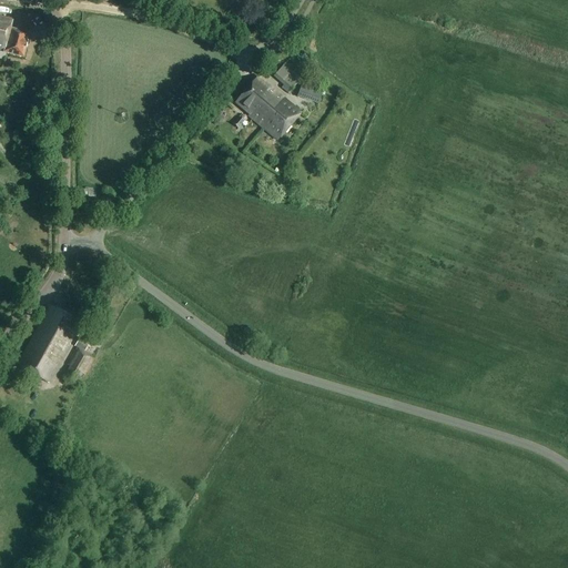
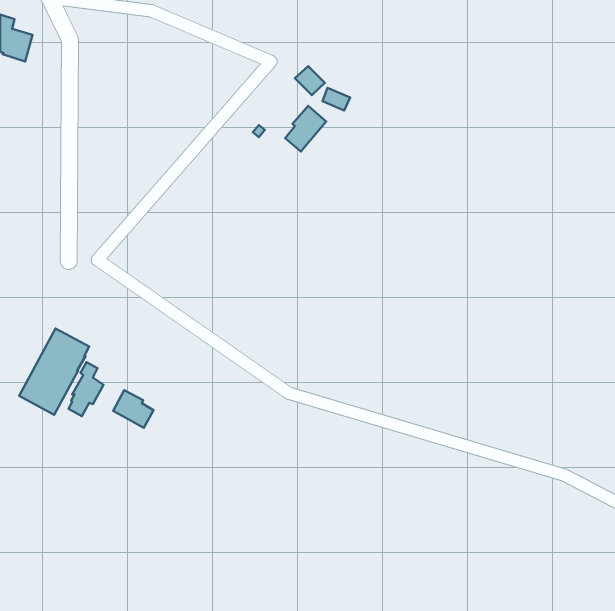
building: [235,75,284,128] -> none
building: none -> [113,390,154,428]

